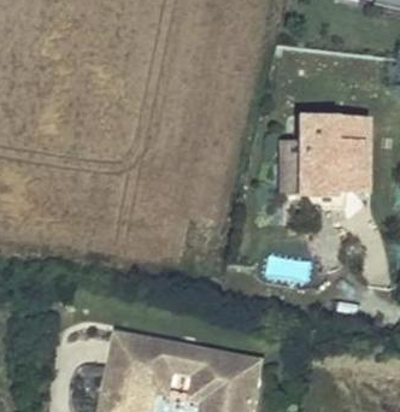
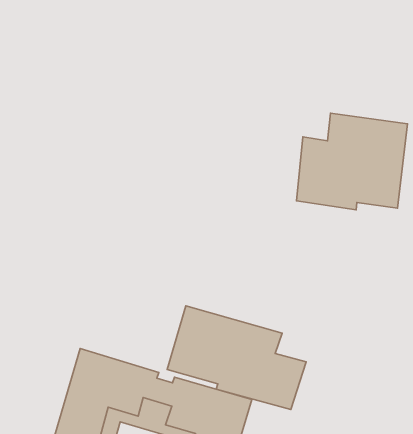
building: none -> [167,306,306,410]

